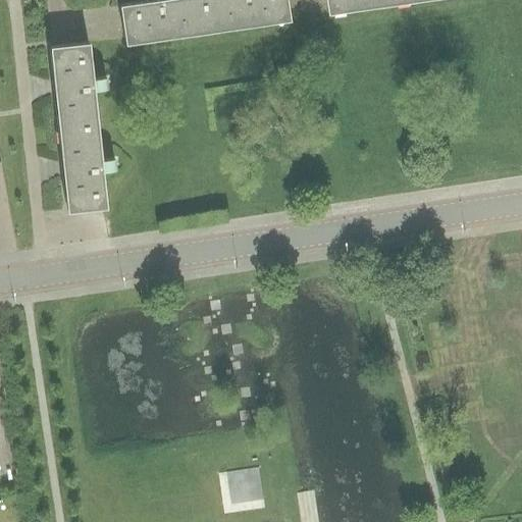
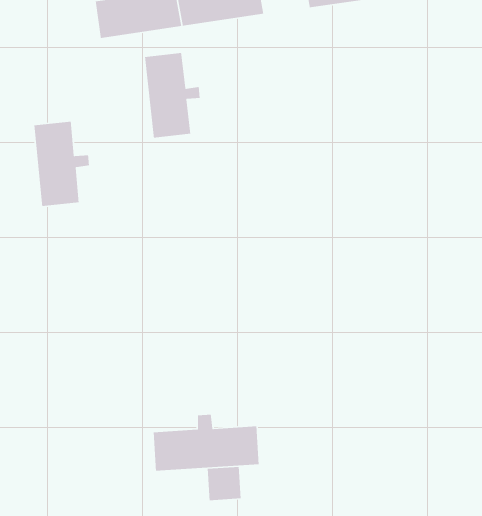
building: [51,43,107,128] -> [144,52,200,138]
building: none -> [153,414,259,471]

